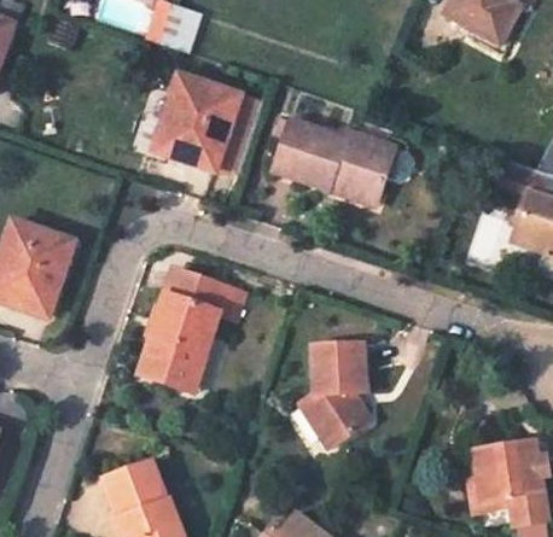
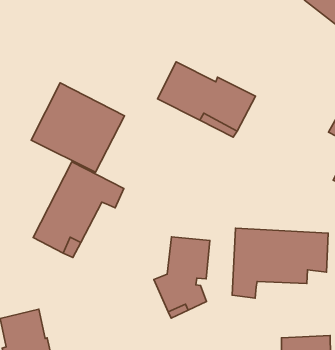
building: [151,70,266,177] -> [31,83,124,172]
building: none -> [232,228,328,298]

